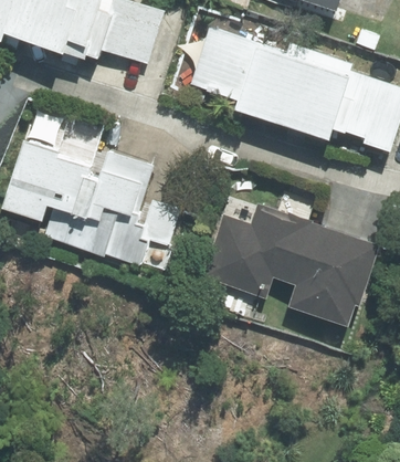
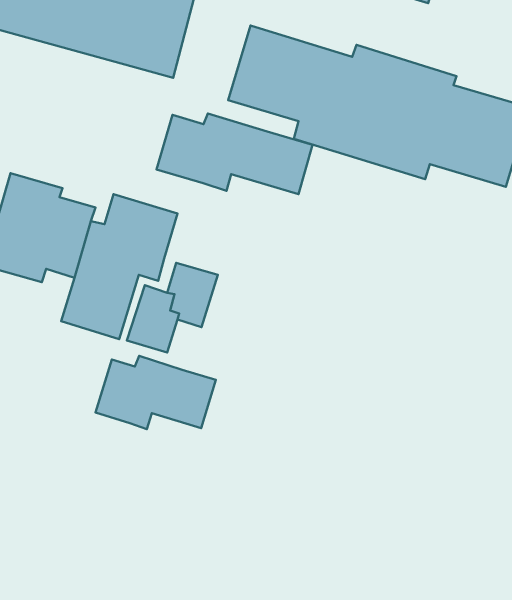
building: none -> [156,113,313,194]
building: [203,201,381,327] -> none
building: none -> [96,356,216,429]

